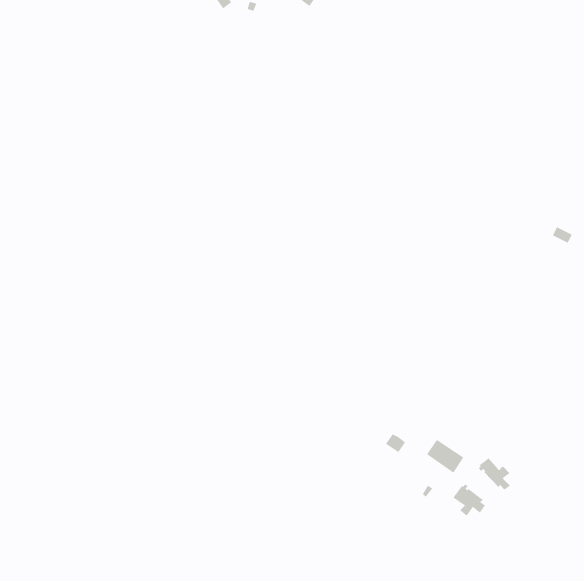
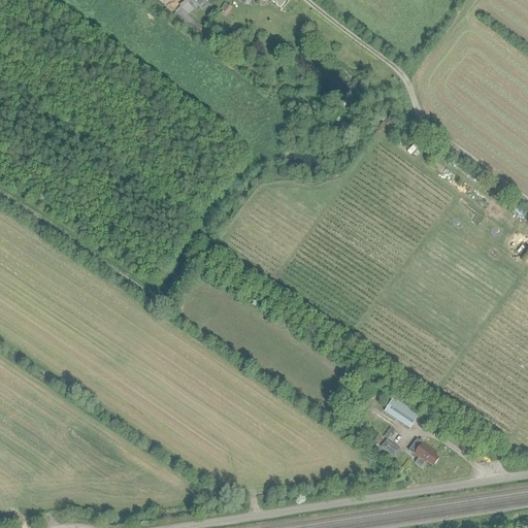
building: [478,457,511,491] -> none

